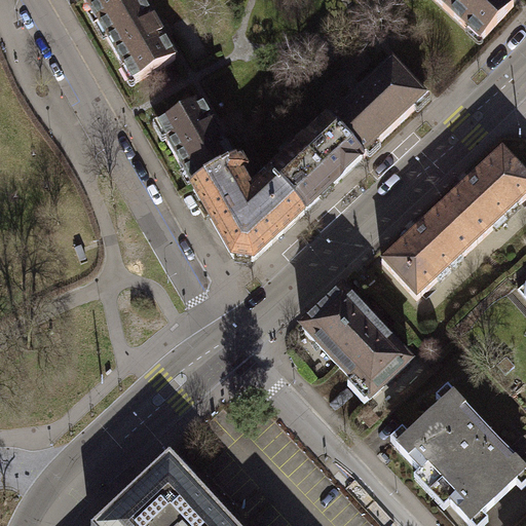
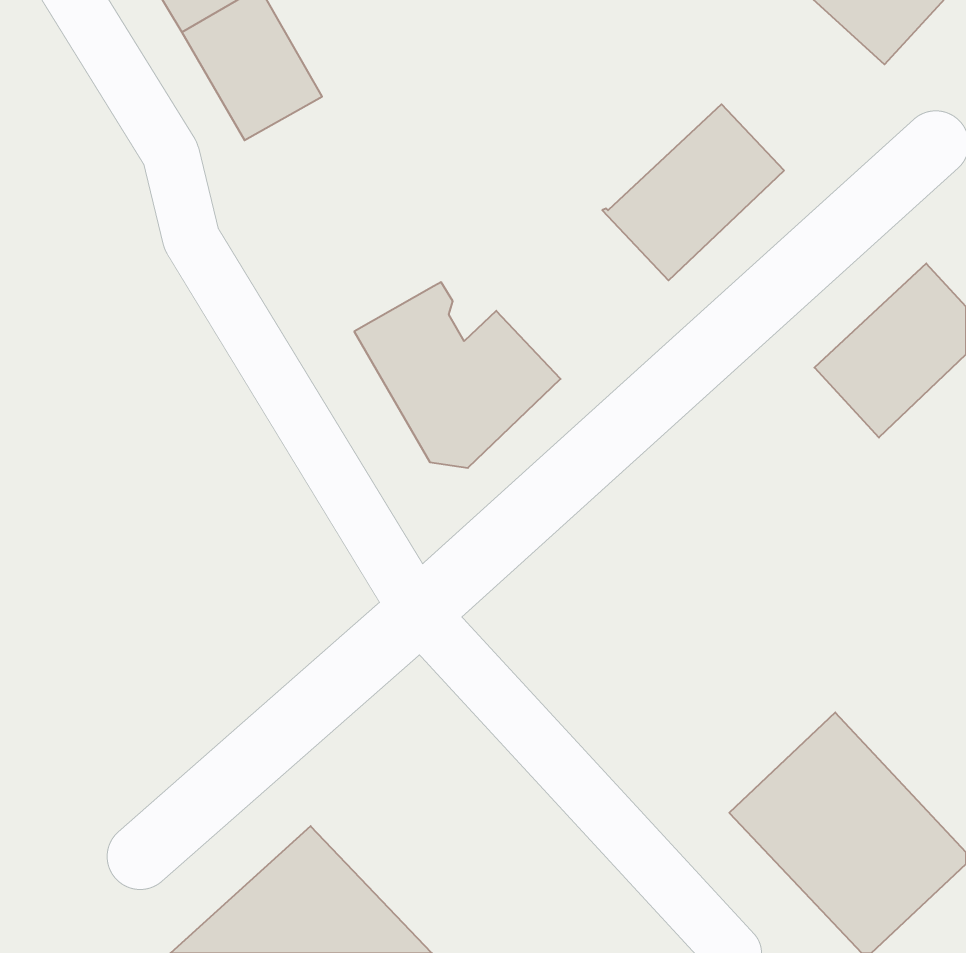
building: [158,96,235,180] -> none
building: [269,114,363,205] -> none
building: [381,199,477,293] -> none
building: [301,283,410,398] -> none

